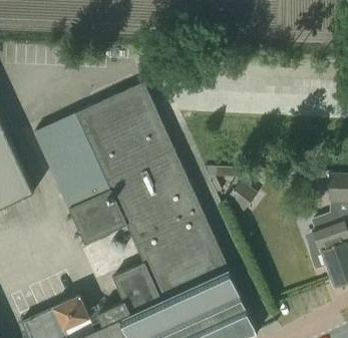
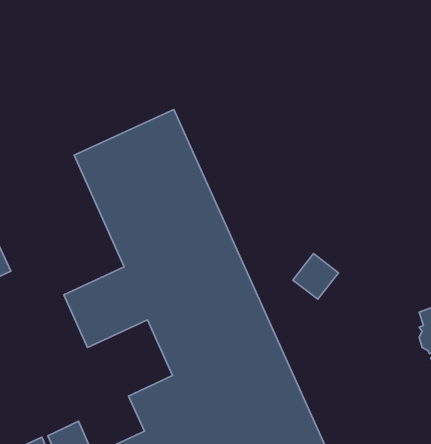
building: [35,114,111,210] -> none

